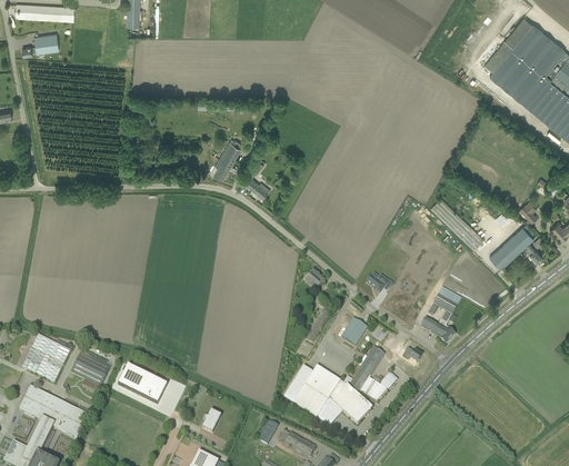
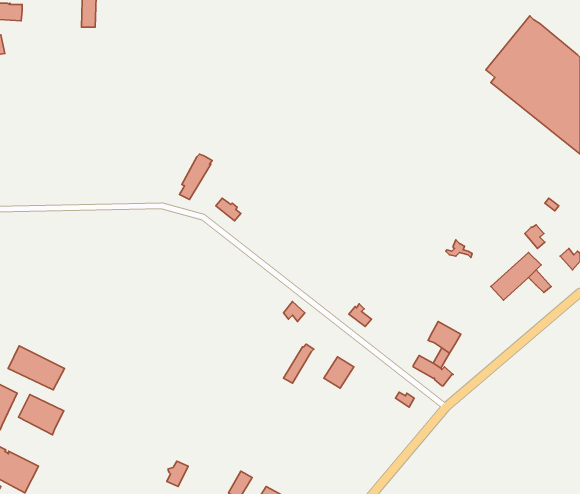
building: [283,346,398,426] -> none
building: [118,364,168,403] -> [8,346,65,390]

